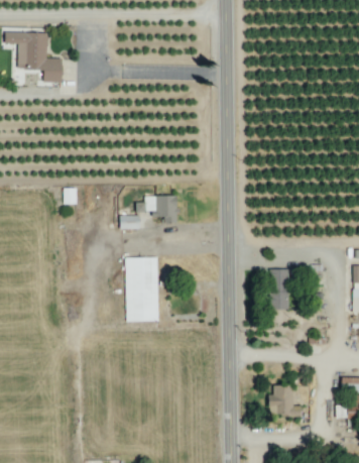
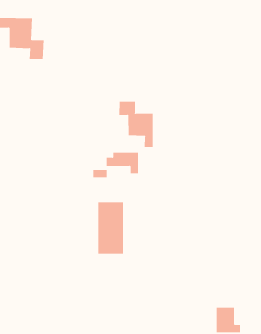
building: none -> [119,101,153,148]
building: [270,268,288,309] -> none

